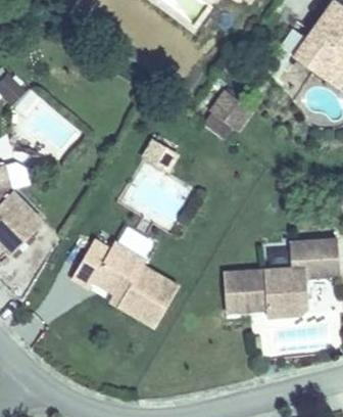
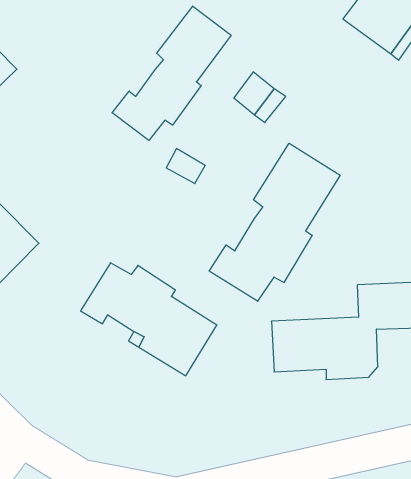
building: none -> [112,6,231,140]
building: none -> [209,143,340,301]

